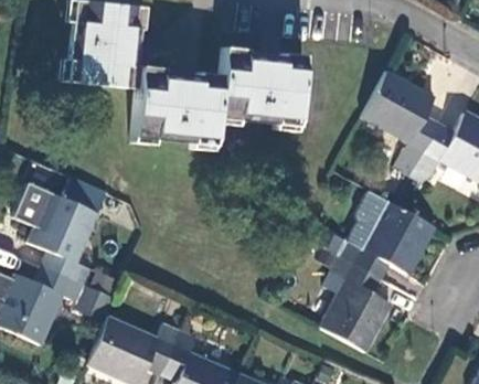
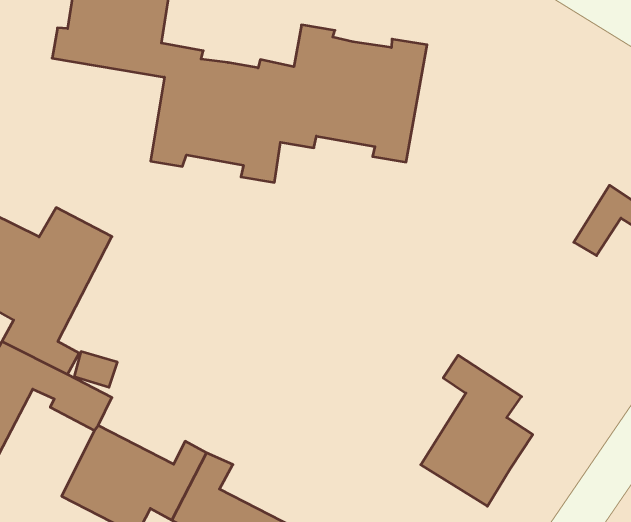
building: [360,72,434,178] -> none
building: [326,192,434,280] -> none

